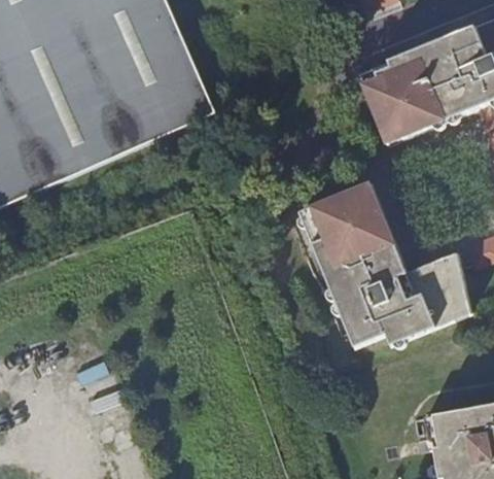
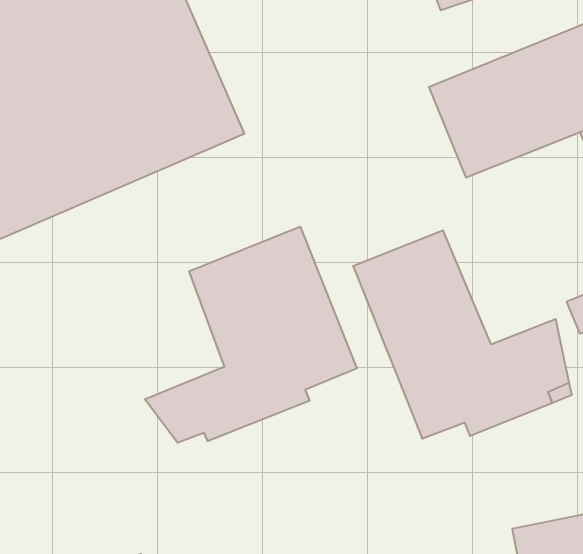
building: none -> [145,227,357,443]

